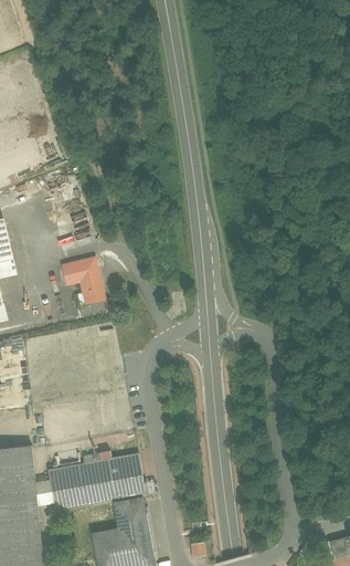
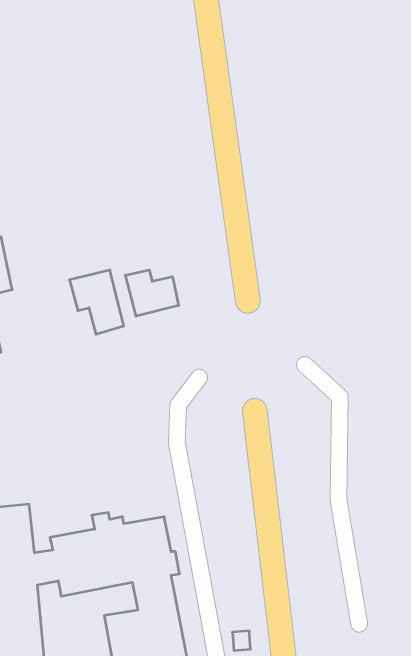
building: none -> [125,270,179,316]

